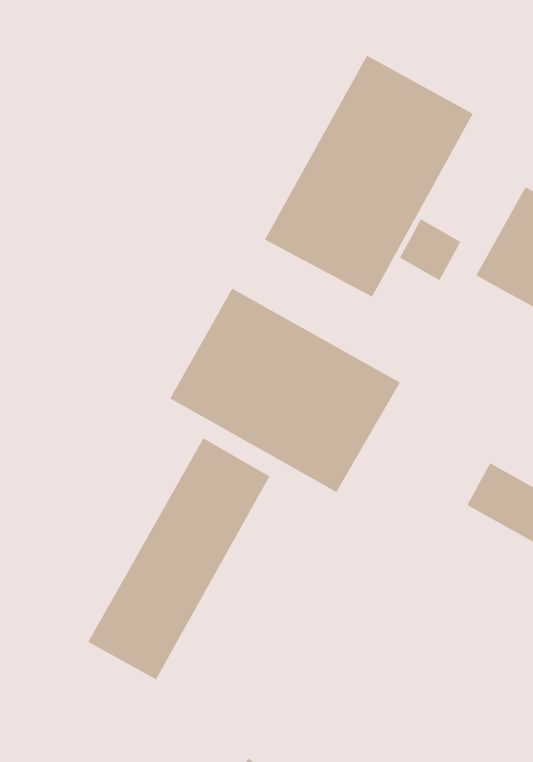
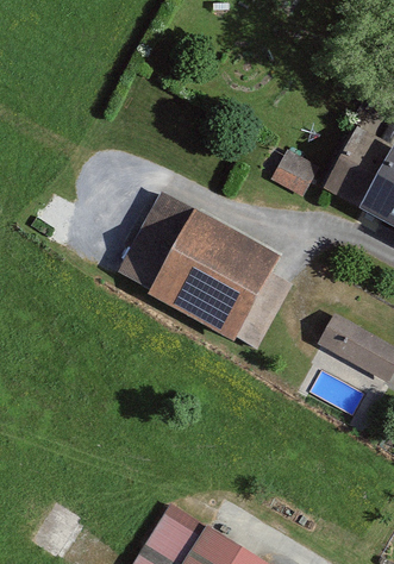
building: [264,55,473,297] -> none
building: [88,437,270,680] -> none

